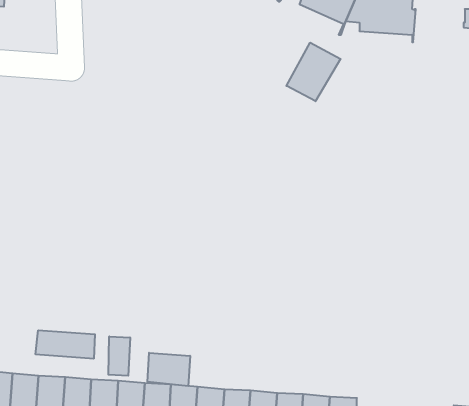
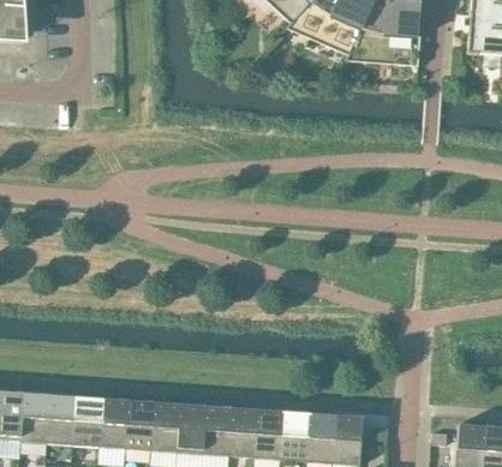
building: [286,43,341,101] -> none
building: [36,330,95,359] -> none
building: [108,336,130,376] -> none
building: [147,353,190,386] -> none

